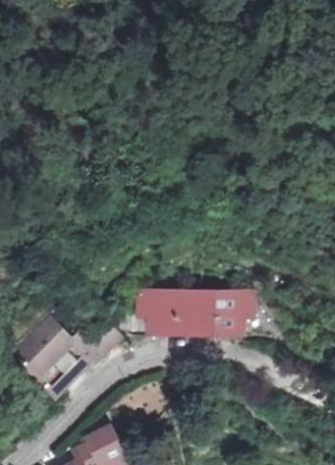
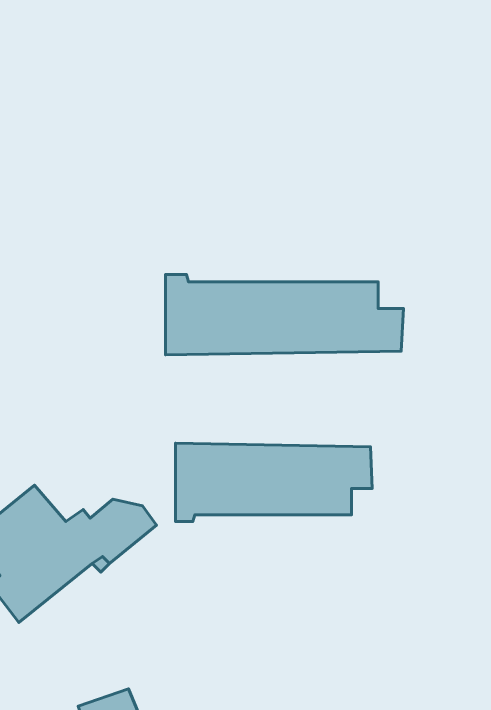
building: none -> [165,275,403,355]

